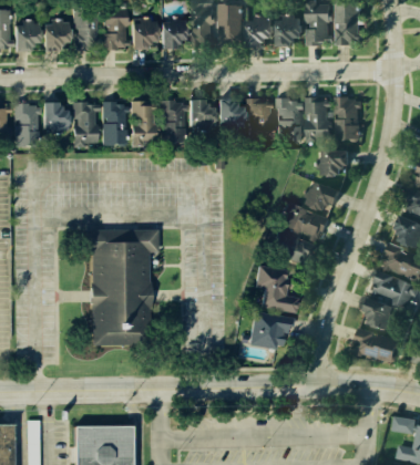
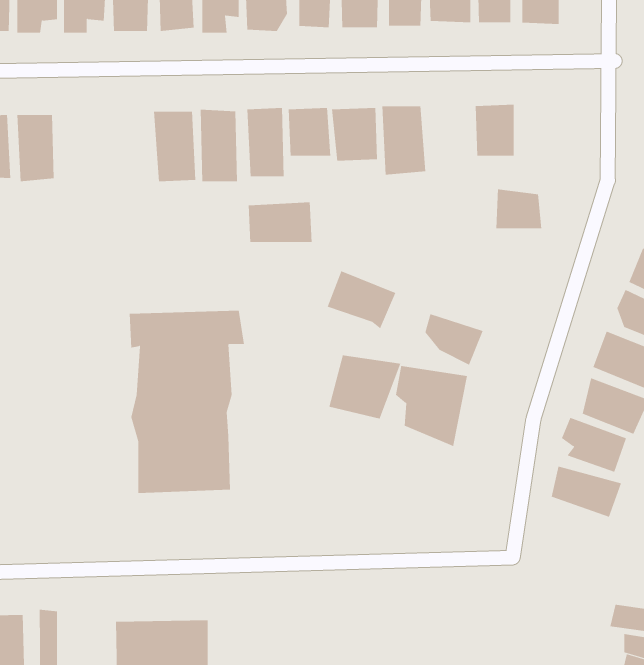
building: [337,95,365,141] -> none
building: [276,97,303,140] -> none
building: [39,102,68,140] -> none
building: [73,102,98,147] -> none
building: none -> [248,202,312,243]
building: [306,180,341,214] -> none
building: [285,203,329,240] -> [327,270,396,329]
building: [247,310,294,351] -> [328,355,401,419]

